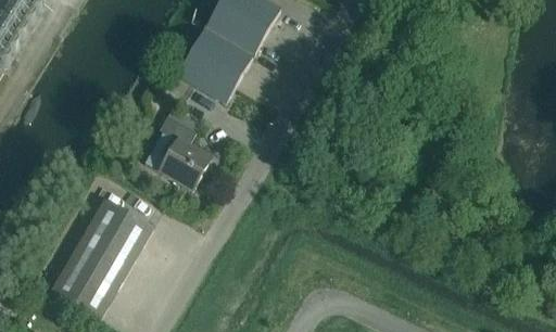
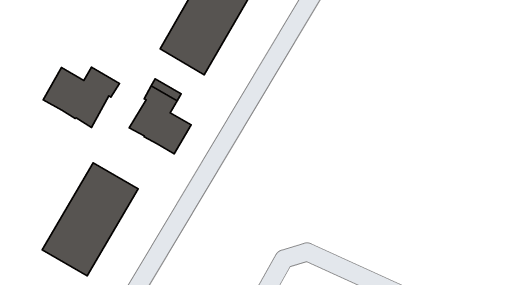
building: none -> [43,67,119,128]

